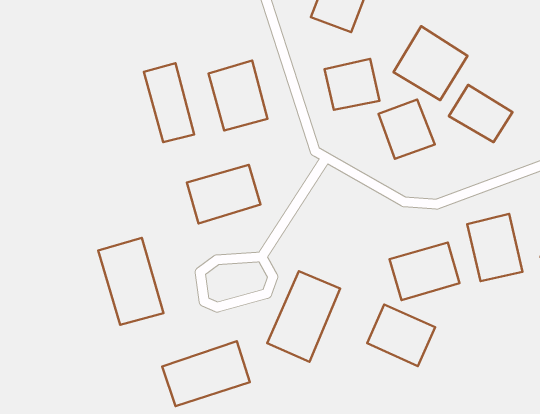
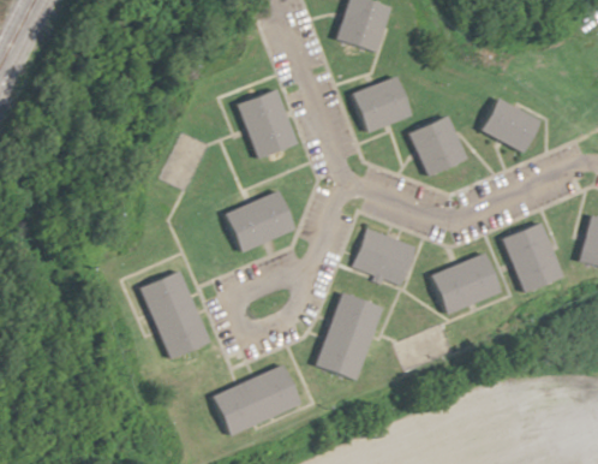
building: [394,26,467,100] -> none
building: [144,63,194,142] -> none
building: [367,304,435,366] -> [353,227,419,286]

